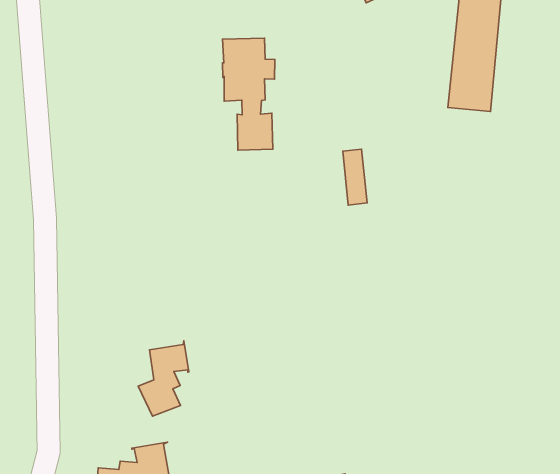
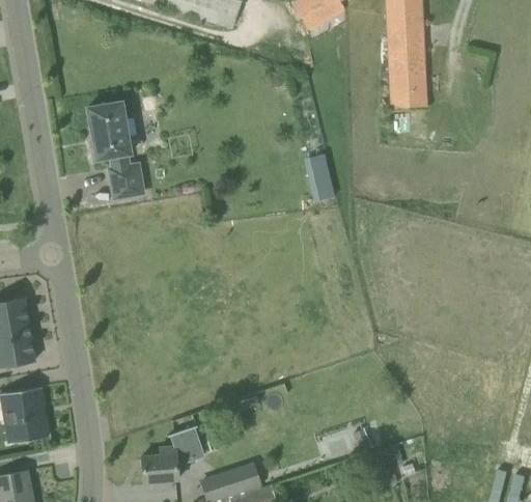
building: [222,38,275,150] -> [86,101,142,198]
building: [138,341,189,416] -> none

